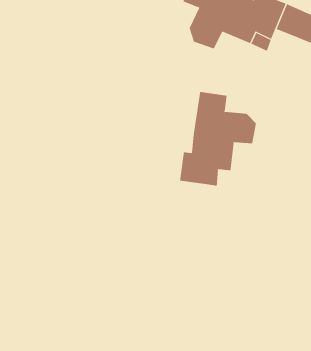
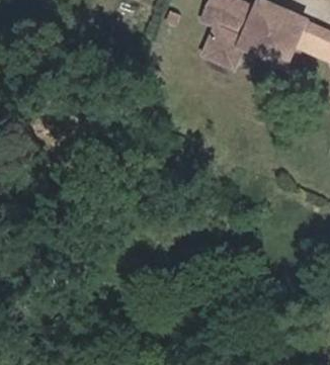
building: [179,91,256,186] -> none

